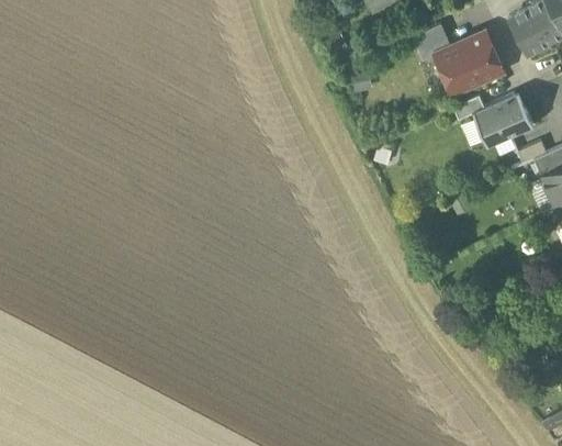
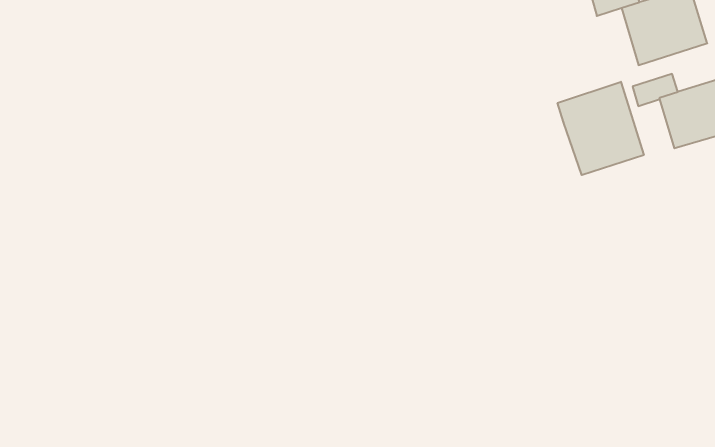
building: none -> [558,82,644,175]

